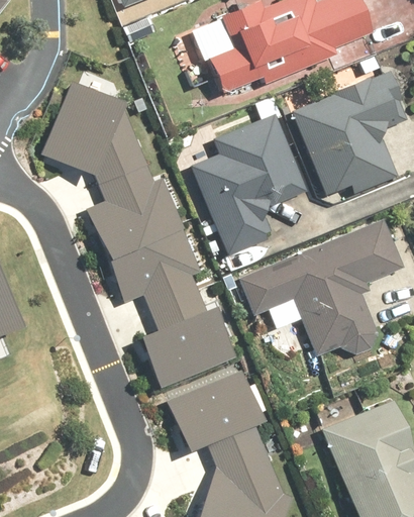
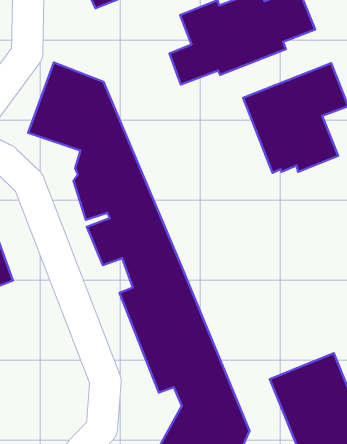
building: [186,115,303,258] -> none
building: [233,221,400,359] -> none

